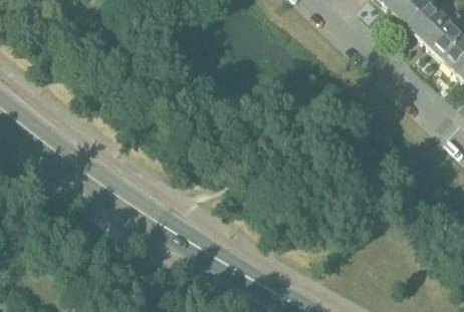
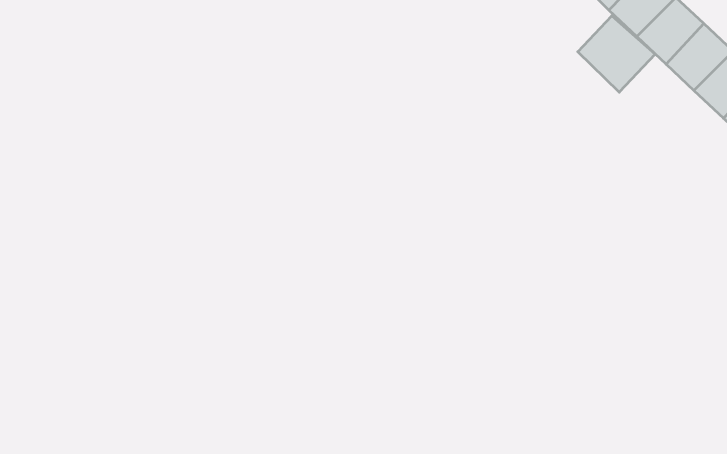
building: none -> [578,16,655,92]

